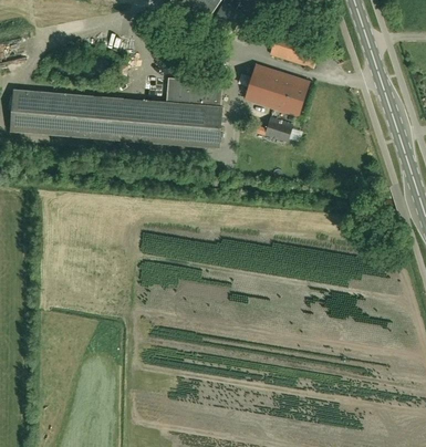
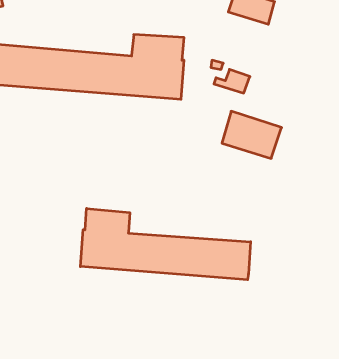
building: [245,64,309,115] -> [222,111,282,158]
building: none -> [80,208,251,280]

